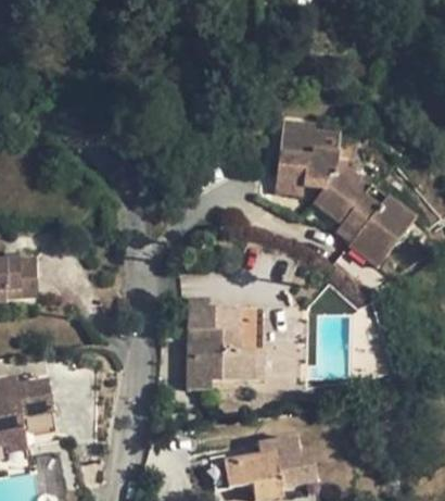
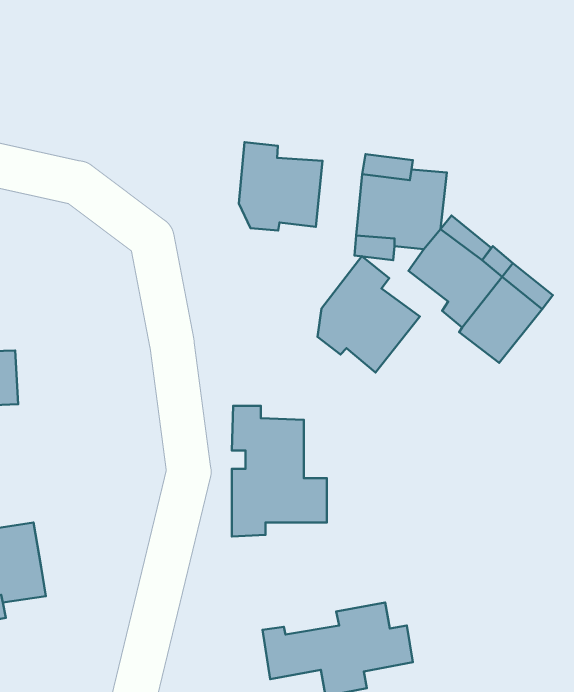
building: none -> [239,142,322,231]
building: none -> [318,256,420,372]
building: [238,308,263,349] -> none

